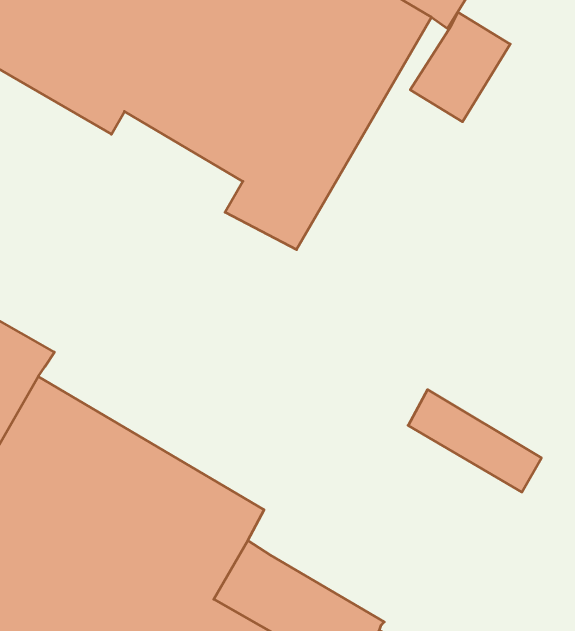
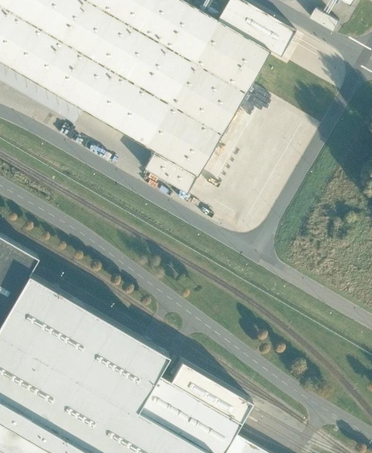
building: [410,12,510,122] -> none
building: [408,390,541,492] -> [171,359,253,422]

